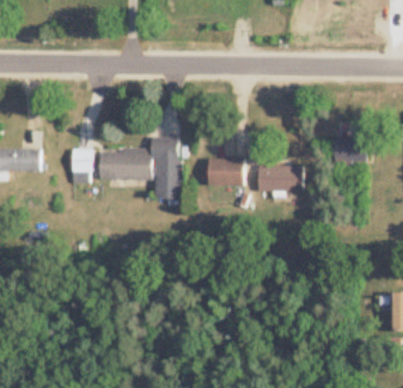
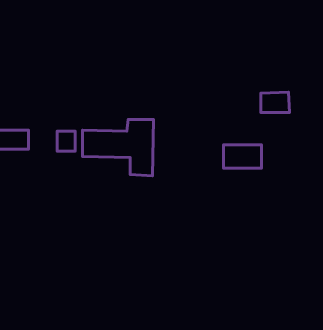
building: [332,136,365,159] -> [261,92,290,112]
building: [208,159,243,185] -> none

